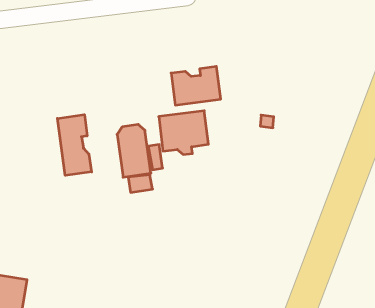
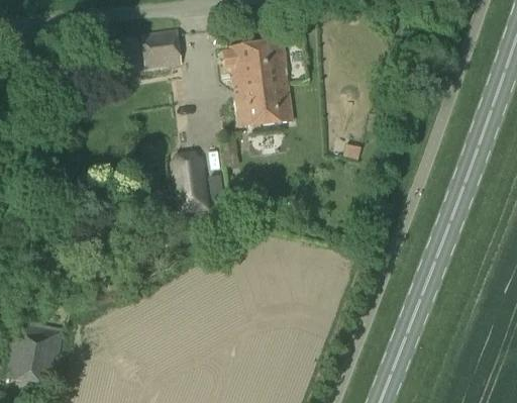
building: none -> [139,28,180,67]
building: [159,111,208,154] -> [228,39,288,92]
building: [57,115,92,175] -> none

